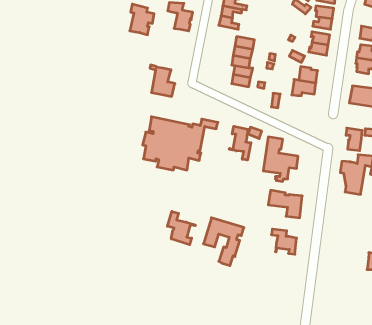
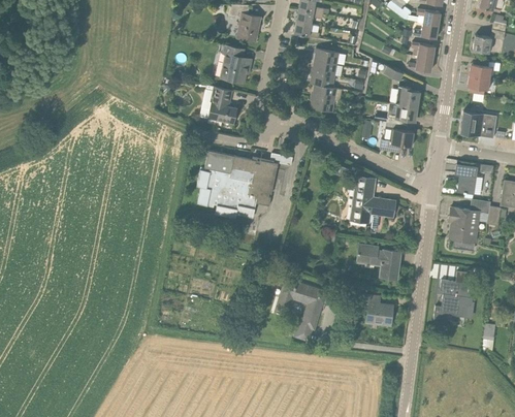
building: [130,4,154,35] -> [222,43,253,83]
building: none -> [380,128,414,152]
building: [229,126,251,160] -> none
building: none -> [433,269,476,321]
building: [167,211,195,245] -> none

